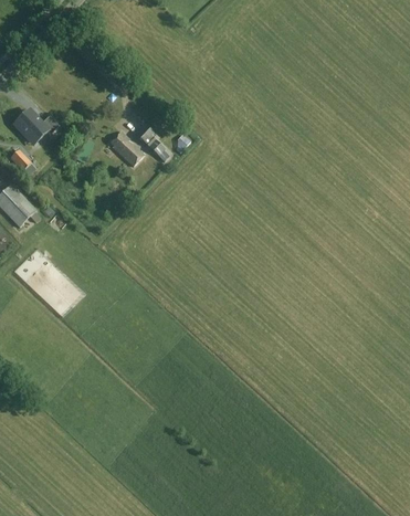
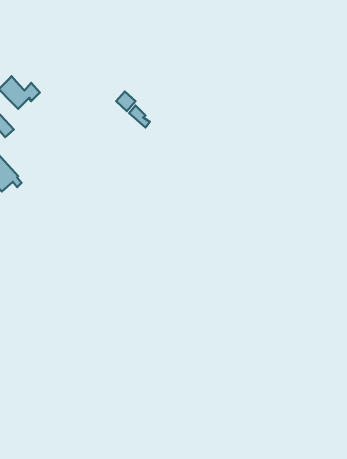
building: [109,130,144,166] -> none

